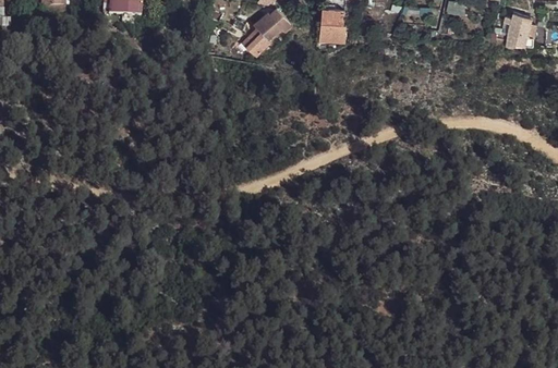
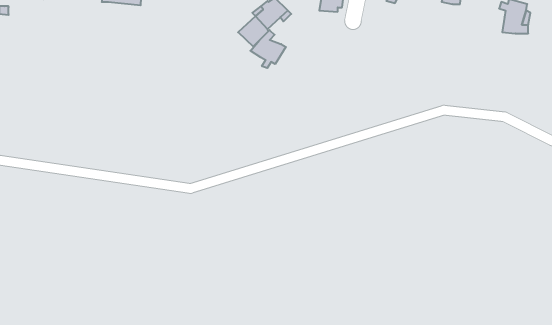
building: [319,23,347,42] -> none
building: none -> [250,30,286,68]

